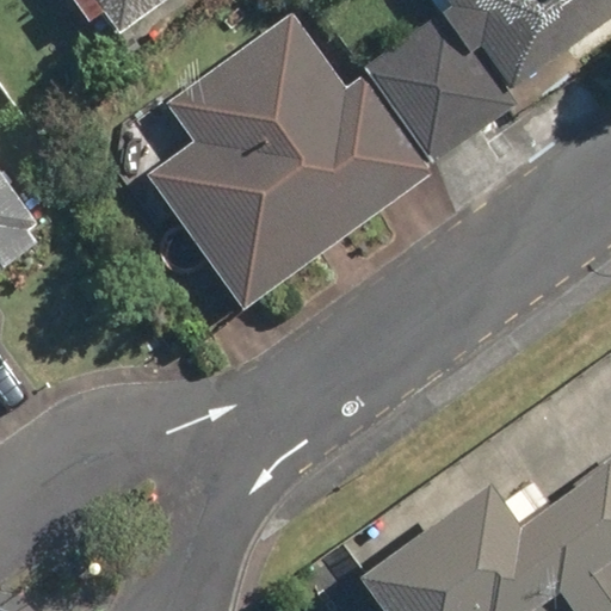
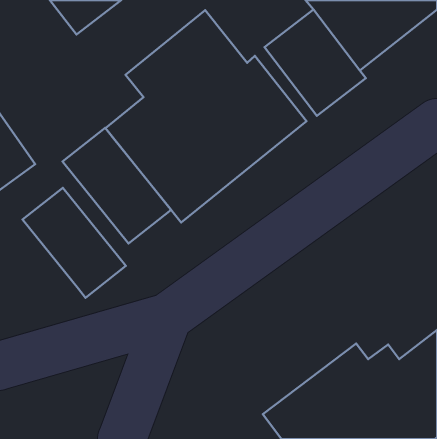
building: none -> [63,128,171,244]
building: none -> [22,188,126,298]

